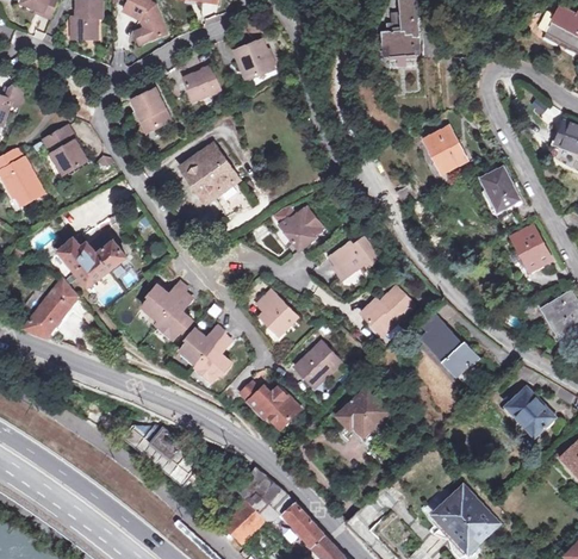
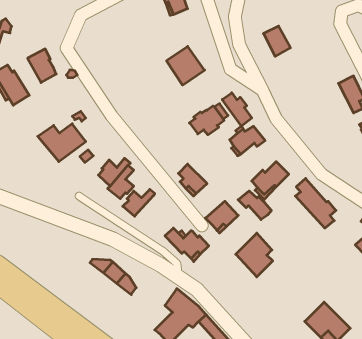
building: [182,67,218,103] -> none
building: [131,89,168,132] -> none
building: [428,126,466,169] -> [263,26,290,56]
building: [180,149,234,204] -> [167,46,205,85]
building: none -> [222,93,252,126]
building: [25,280,75,340] -> none
building: none -> [238,191,271,220]
building: [193,335,229,381] -> none

